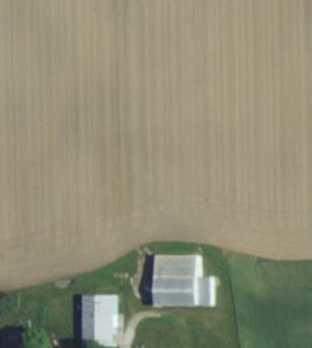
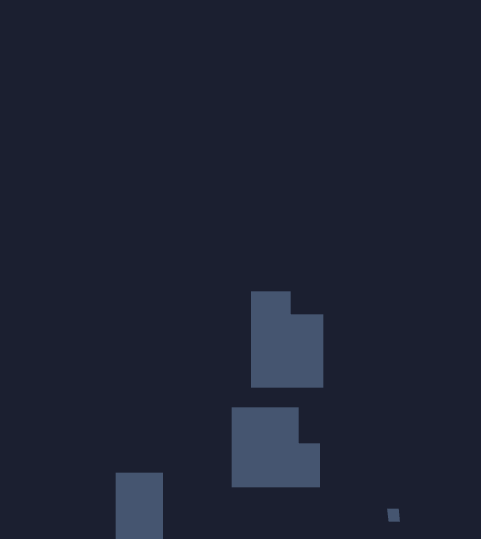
building: none -> [250,290,324,388]

